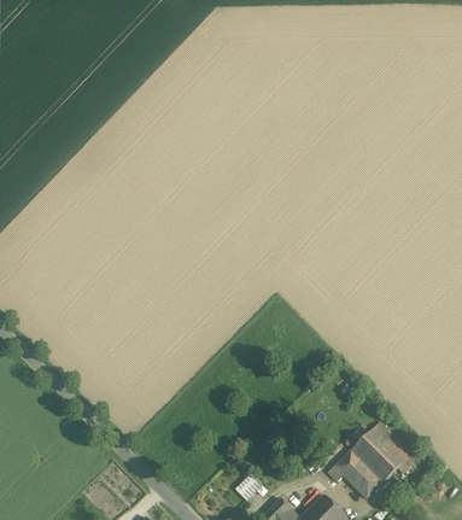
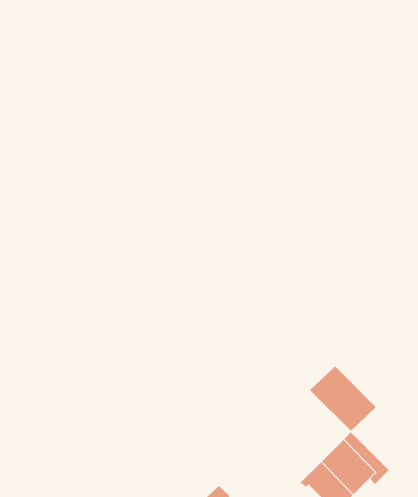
building: none -> [309,365,377,432]

